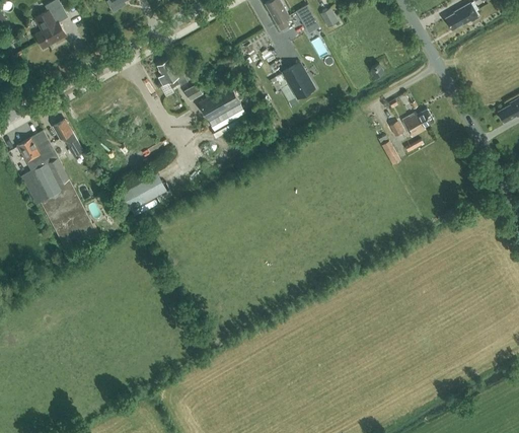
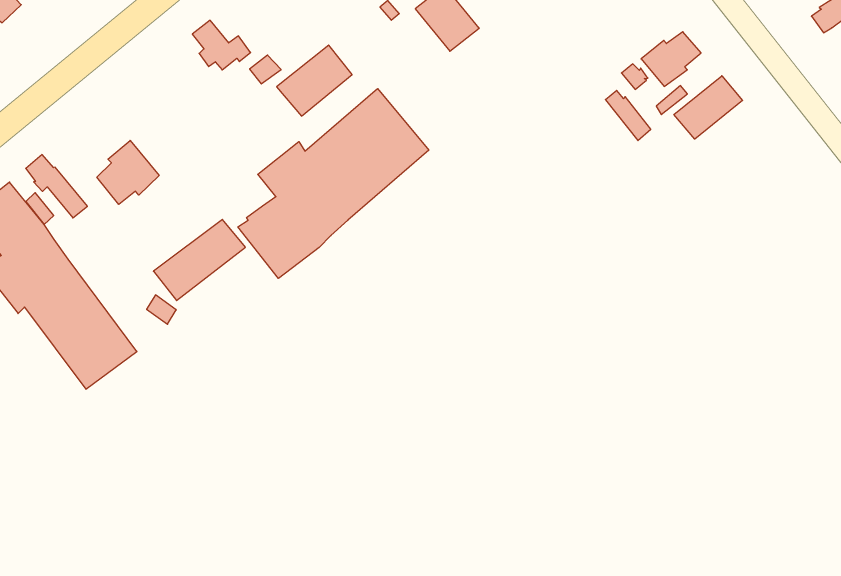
building: none -> [238,89,429,278]
building: none -> [97,140,159,204]
building: none -> [674,76,743,139]

